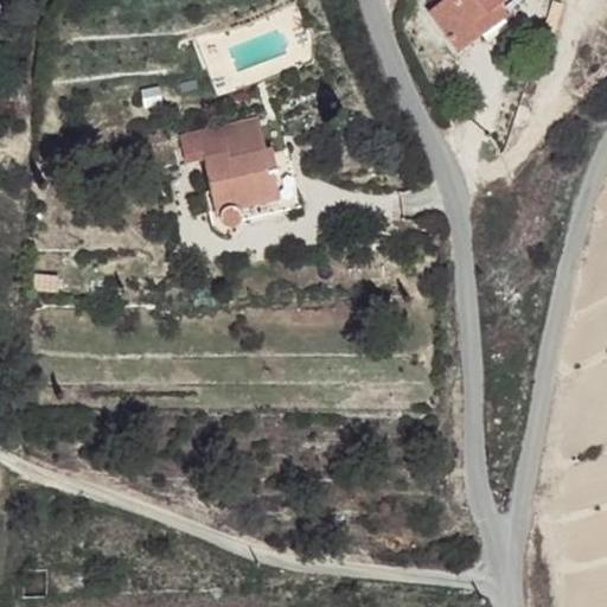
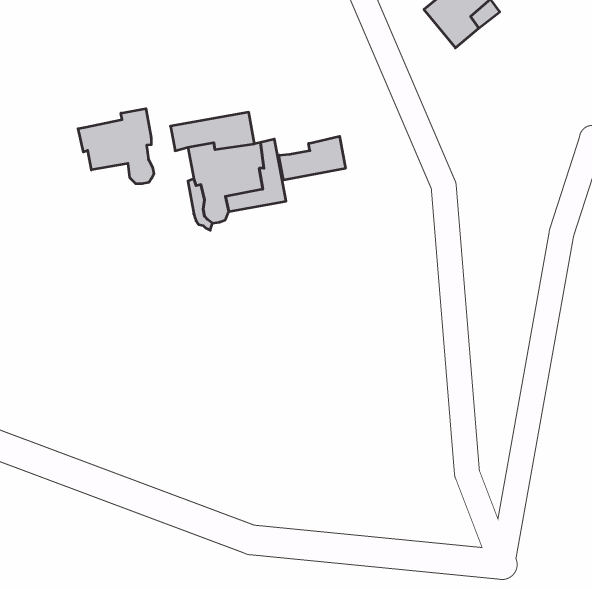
building: none -> [78,109,154,184]
building: none -> [279,136,345,180]

